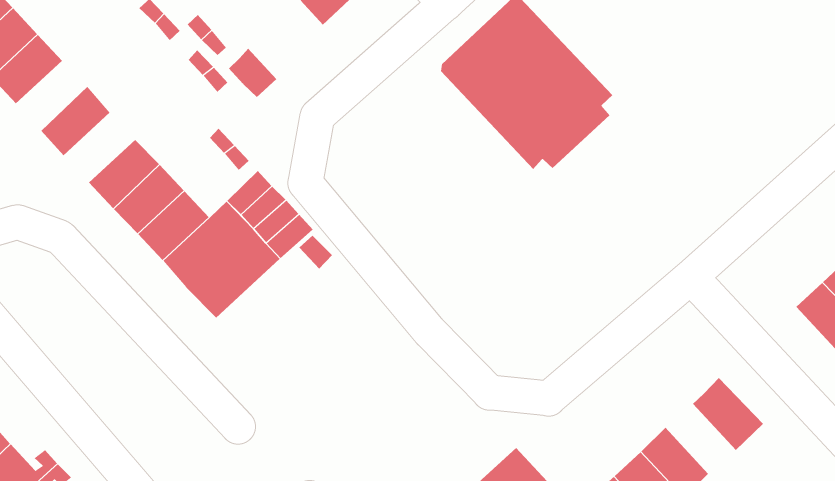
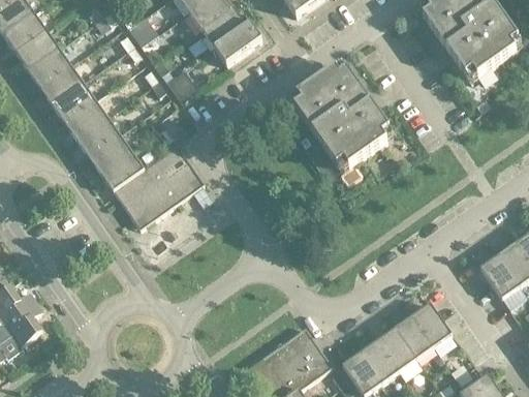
building: none -> [39,65,83,104]
building: none -> [63,99,106,139]
building: none -> [394,316,433,359]

